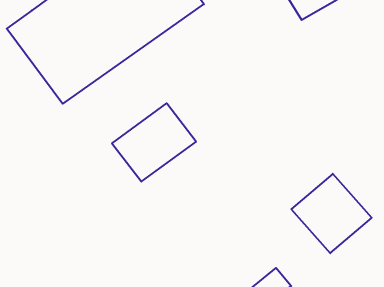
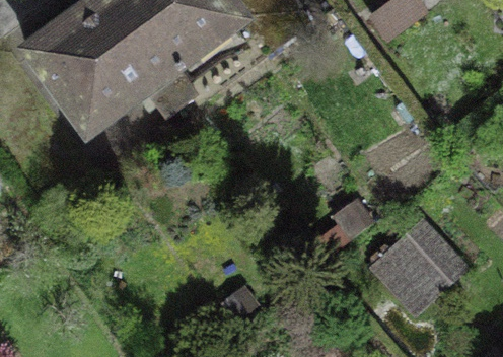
building: [112,103,196,182] -> none

